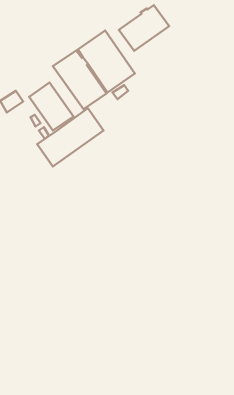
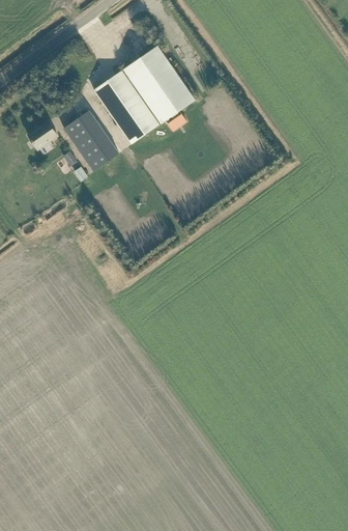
building: [119,5,169,51] -> none
building: [37,108,104,166] -> none

